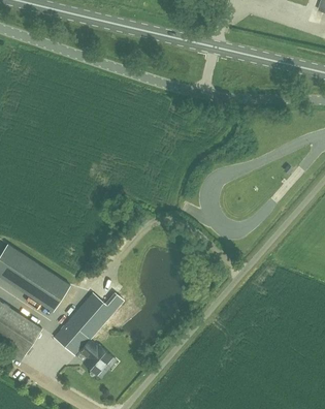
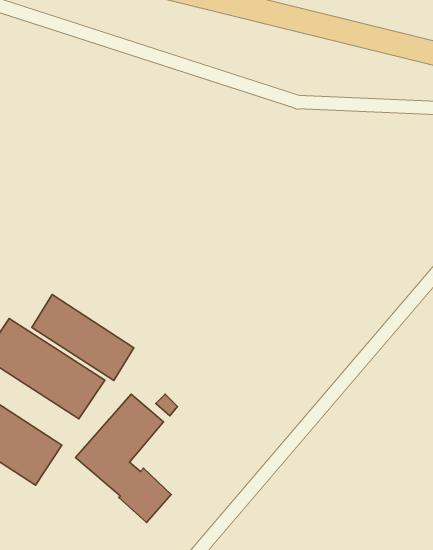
building: none -> [32,295,134,381]

